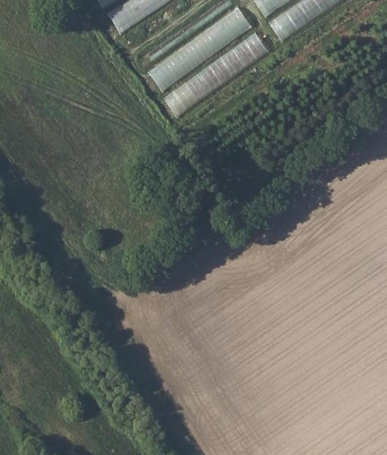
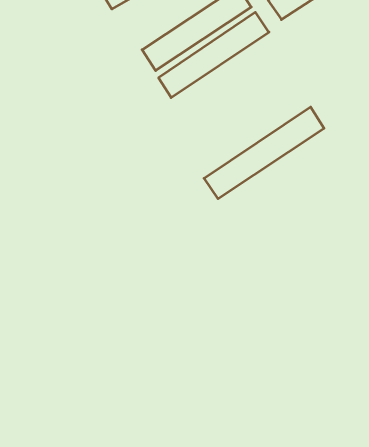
building: none -> [204,107,324,199]

